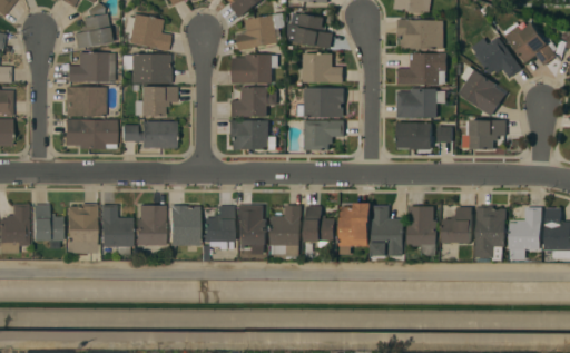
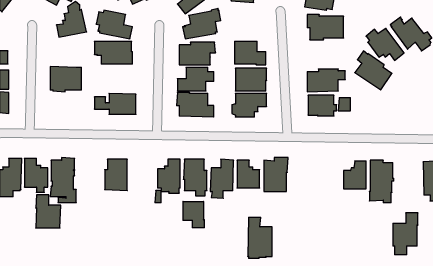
building: [287,13,333,49] -> none
building: [68,52,115,81] -> none
building: [397,52,446,85] -> none
building: [135,85,177,116] -> none
building: [65,119,117,148] -> none
building: [462,120,505,149] -> none
building: [100,204,132,246] -> [36,195,61,228]
building: [169,205,199,245] -> none
building: [373,206,404,258] -> [248,217,272,258]
building: [409,206,439,256] -> none
building: [510,207,542,261] -> [393,213,418,255]
building: none -> [183,201,204,228]

